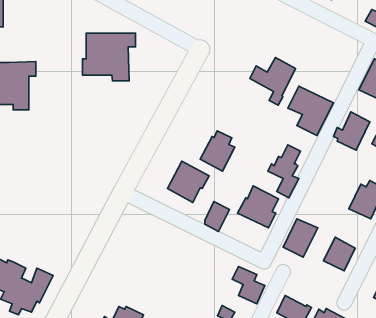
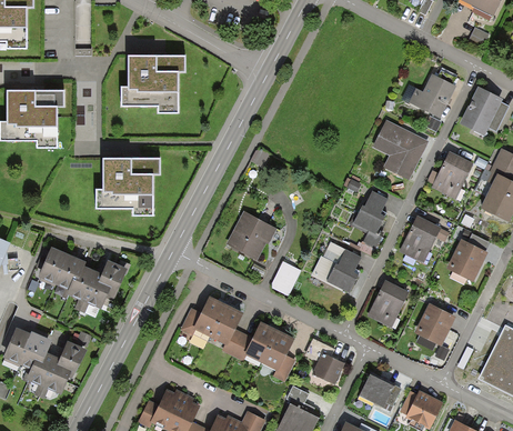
building: [250,58,296,105] -> [401,73,456,131]
building: none -> [94,158,160,216]
building: [200,131,235,171] -> none
building: none -> [400,216,450,262]
building: none -> [38,248,125,311]
building: none -> [180,295,295,382]

